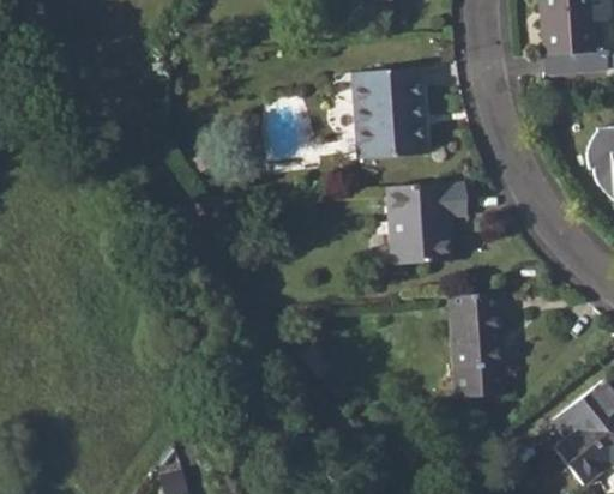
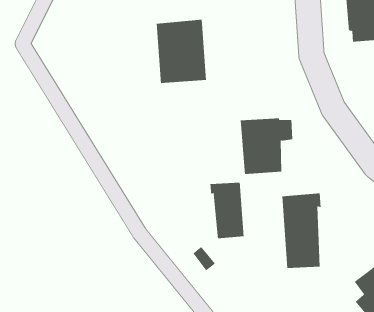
building: [353,67,426,159] -> [156,19,207,83]
building: none -> [210,182,244,239]

